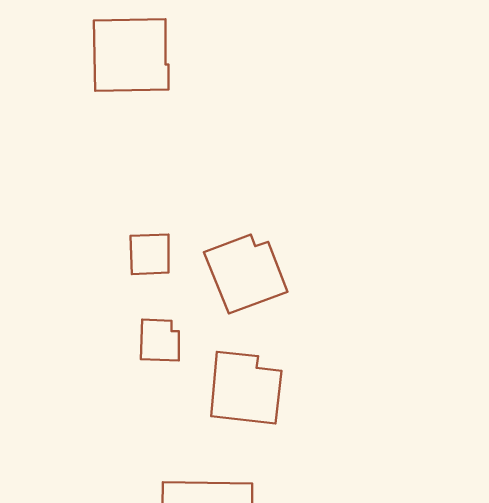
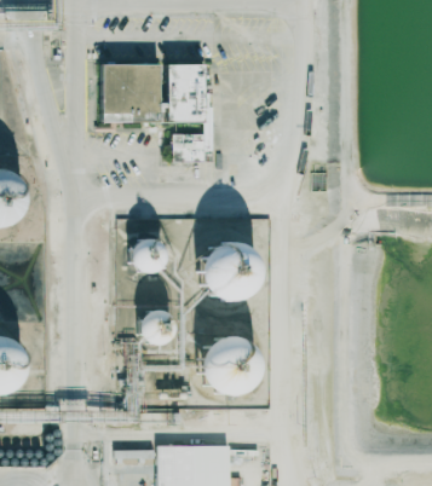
building: none -> [168,62,218,160]

